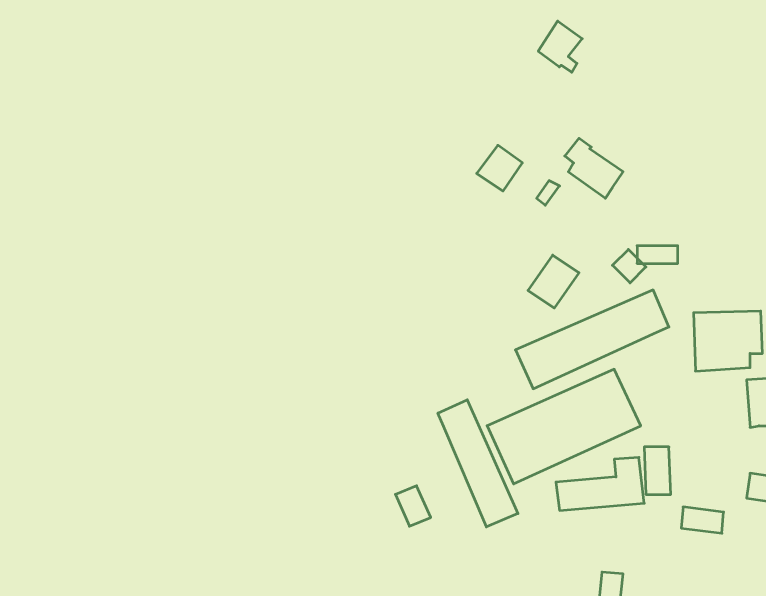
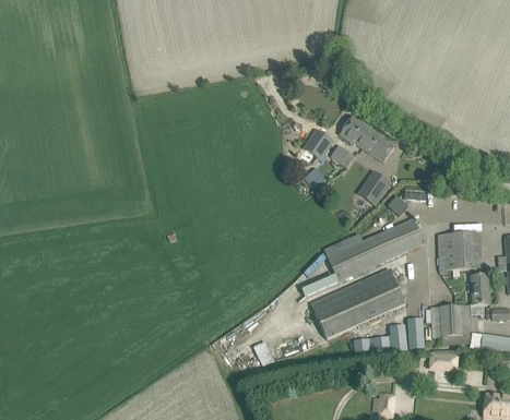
building: [538,21,582,72] -> [339,113,366,145]
building: [528,255,579,308] -> [357,170,389,203]
building: [438,400,518,527] -> none
building: none -> [430,303,471,341]

